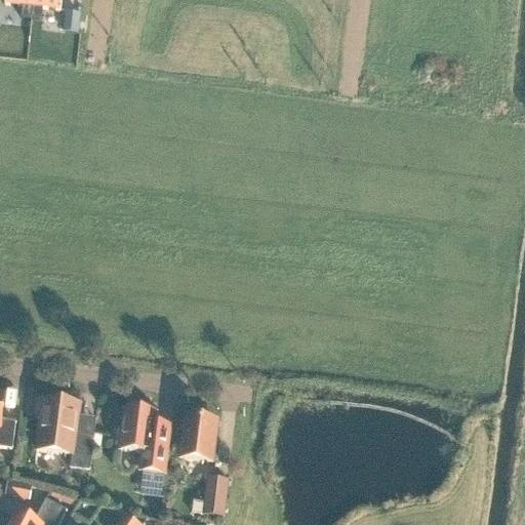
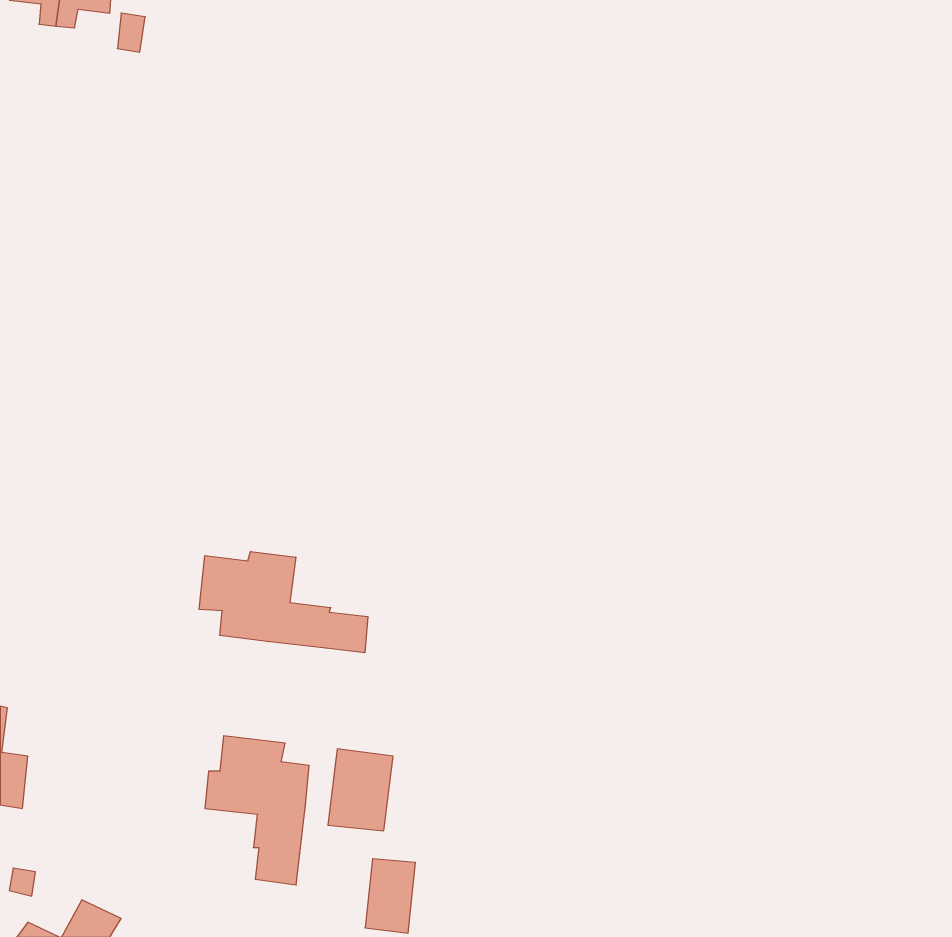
building: none -> [199,551,368,653]
building: [35,395,93,467] -> none

